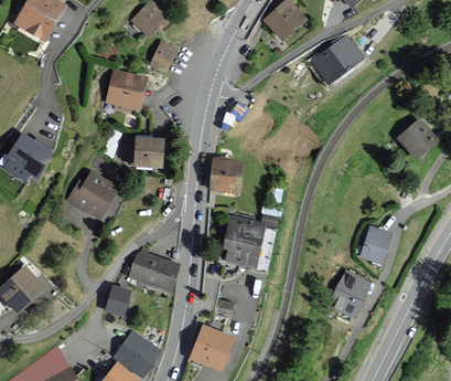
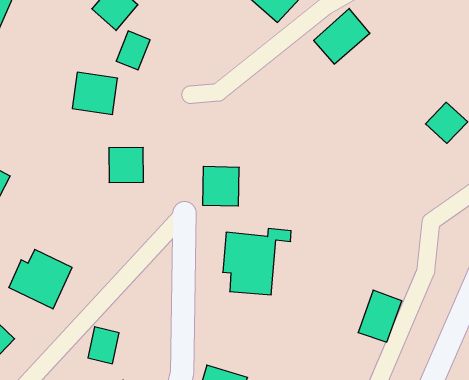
building: [67,169,121,220] -> [9,249,72,309]
building: [361,227,389,263] -> none
building: [129,246,180,292] -> none

